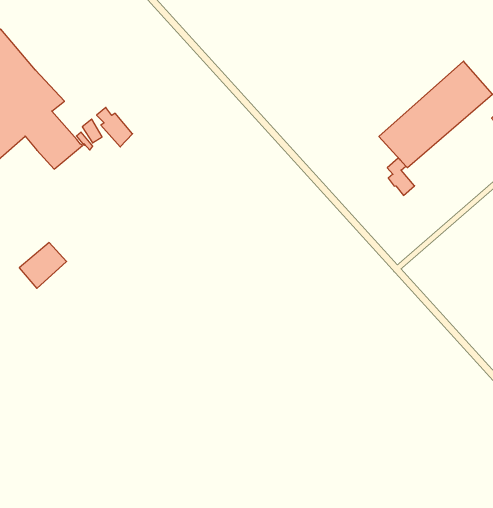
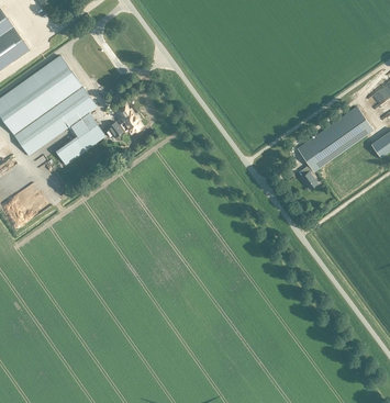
building: [19,243,67,288] -> [55,136,86,165]

